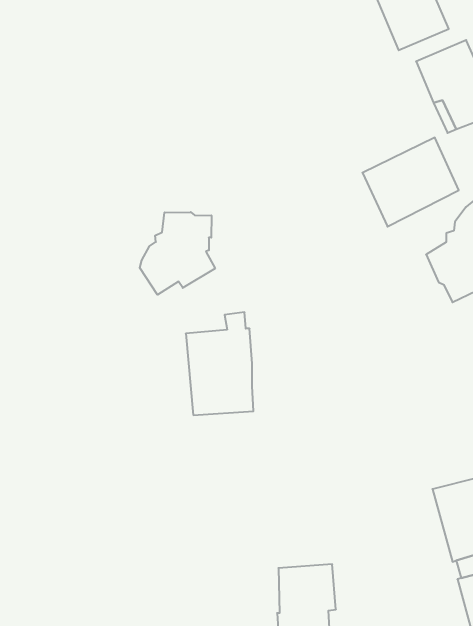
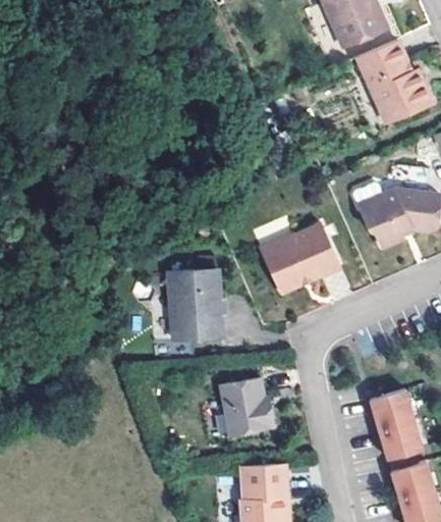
building: [362,138,459,227] -> [262,224,340,297]
building: [140,212,215,295] -> none
building: none -> [224,380,275,437]

